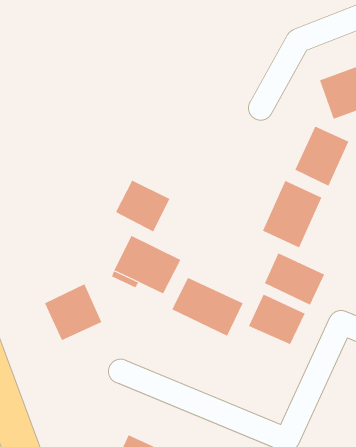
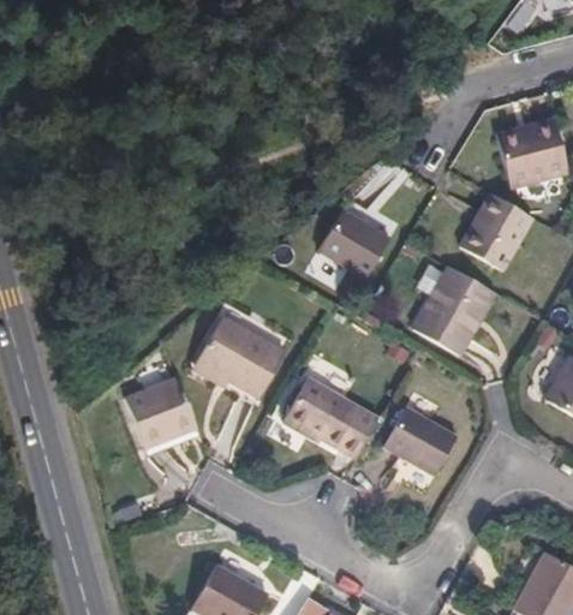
building: [115,180,170,232] -> [318,211,390,281]
building: [264,253,325,305] -> none

